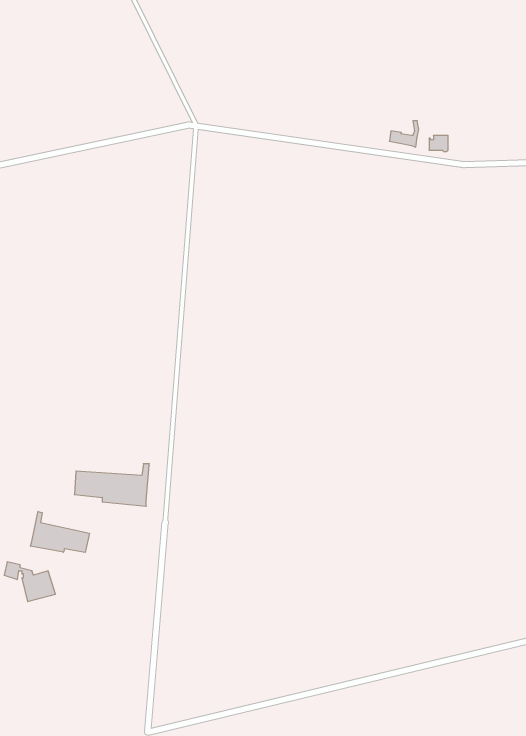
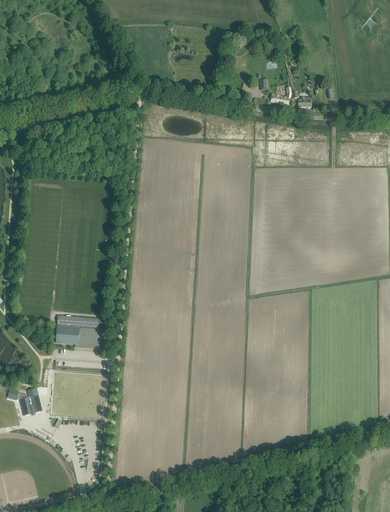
building: [30,511,89,552] -> none

